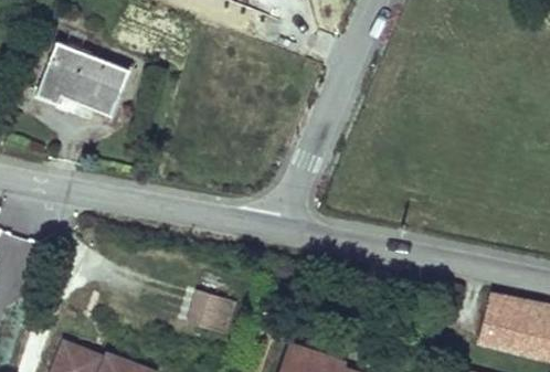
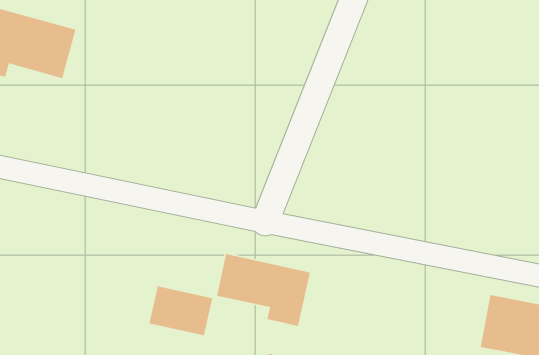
building: none -> [216,253,311,327]

